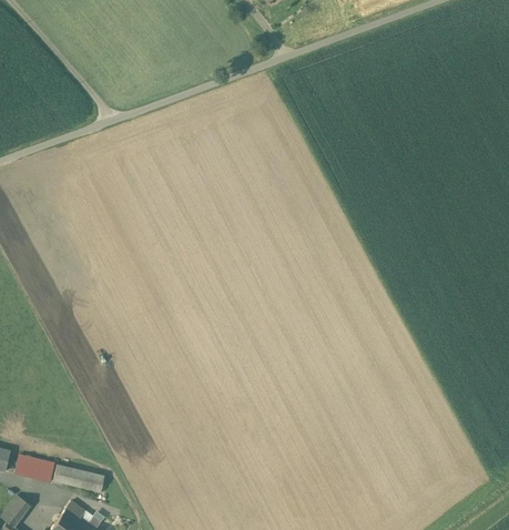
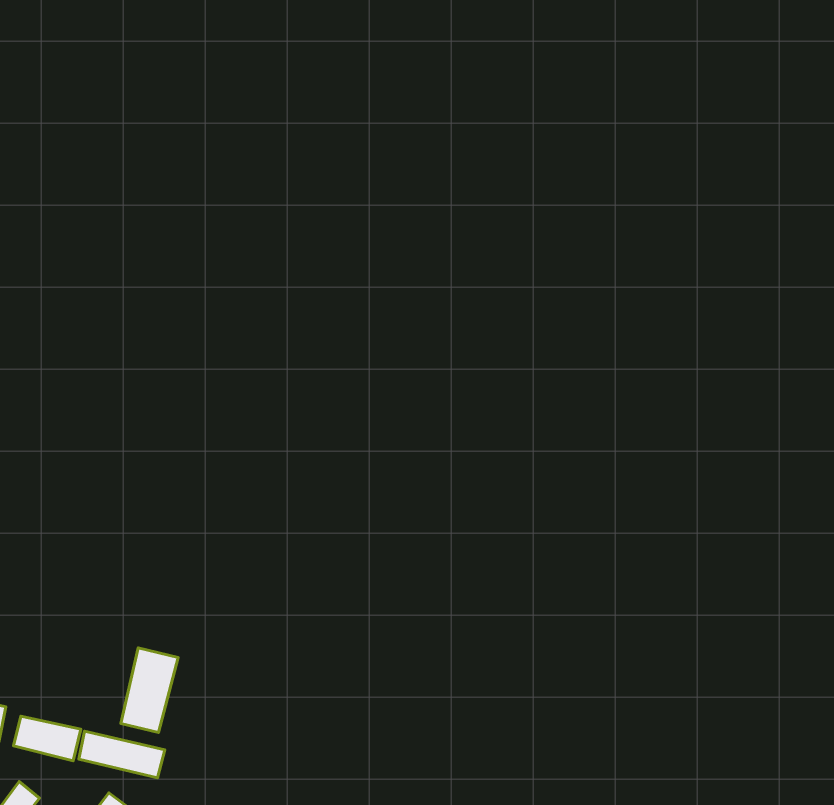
building: none -> [121,648,178,732]

